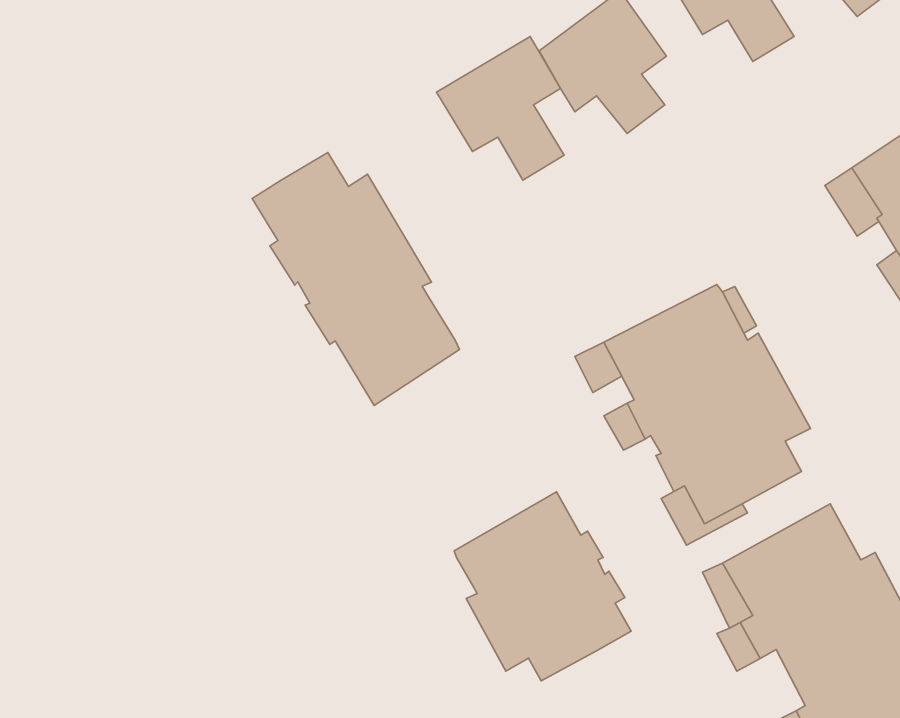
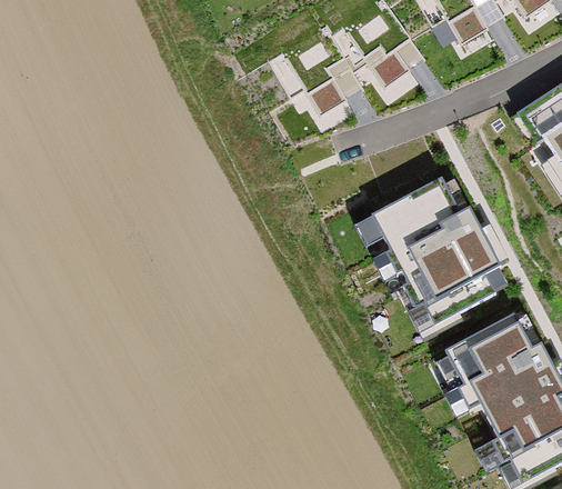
building: [252,152,460,405] -> none
building: [454,492,631,681] -> none

